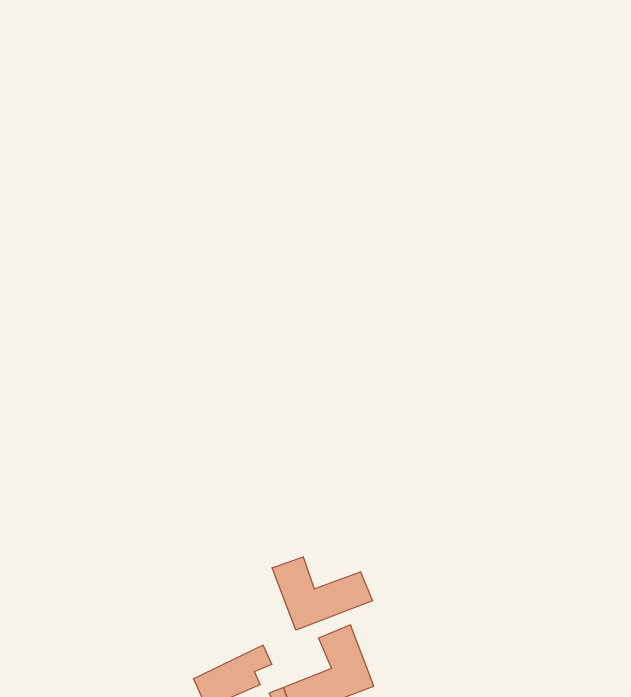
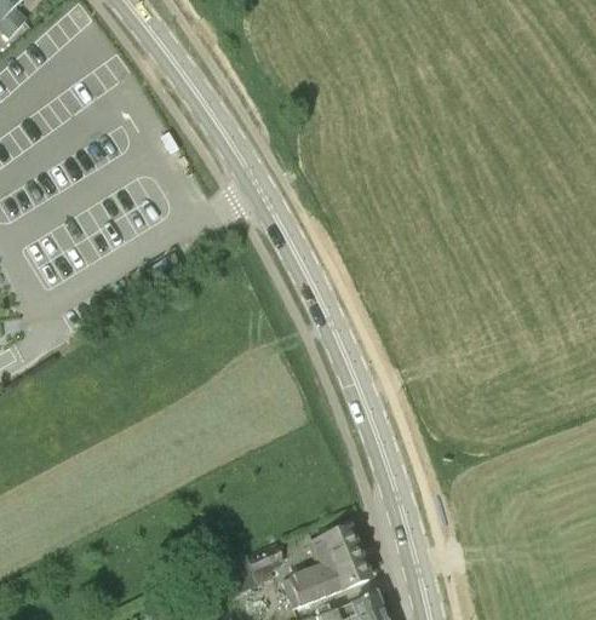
building: [272,557,372,630] -> none

